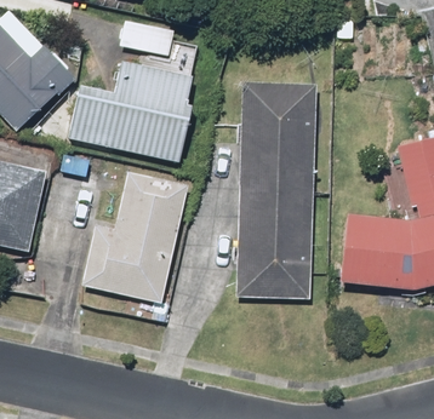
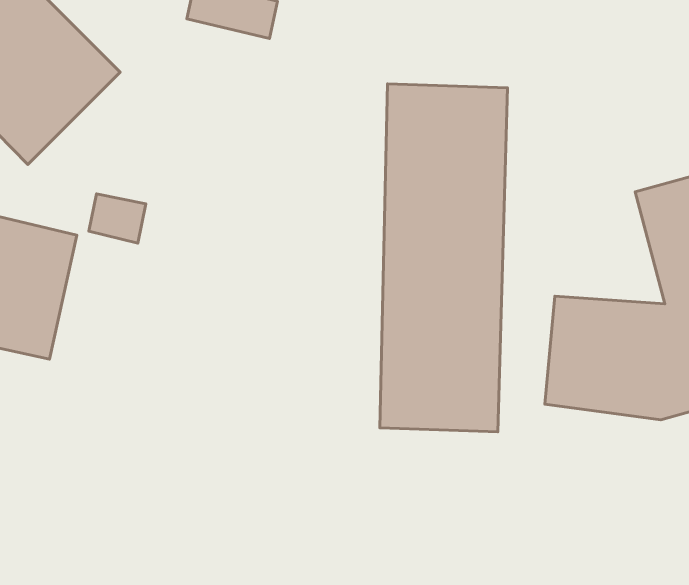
building: [67,62,192,162] -> none
building: [85,170,190,303] -> none

